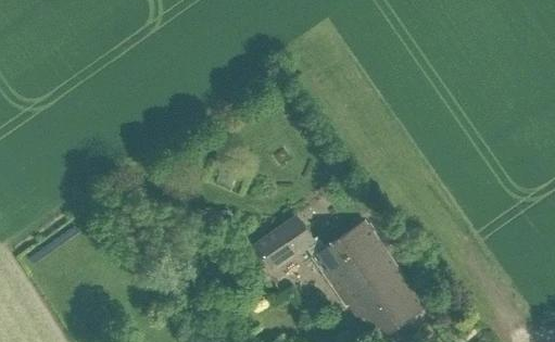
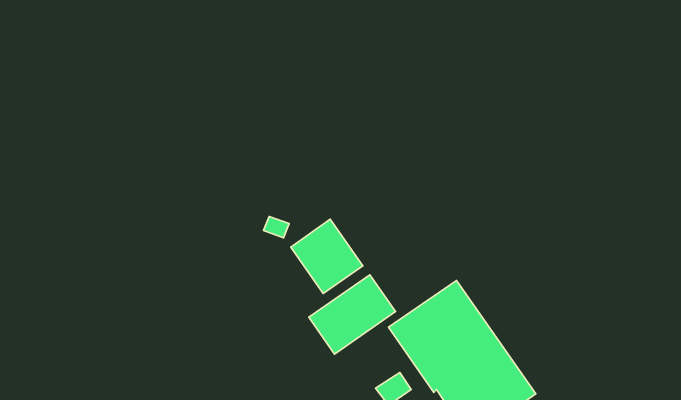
building: none -> [291,219,363,294]

